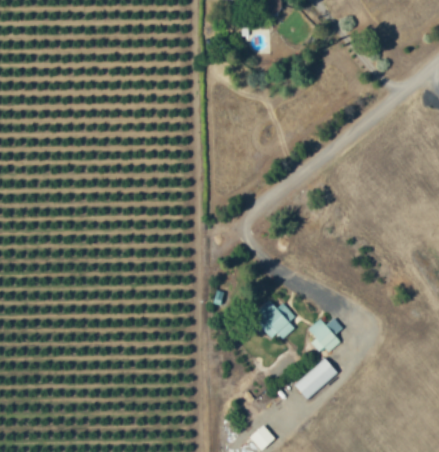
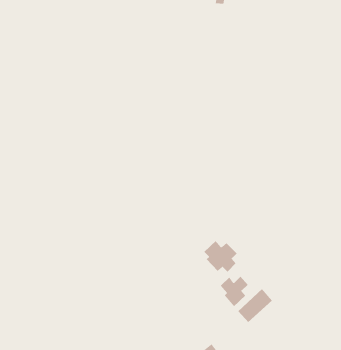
building: [307,316,342,354] -> [220,276,249,307]

